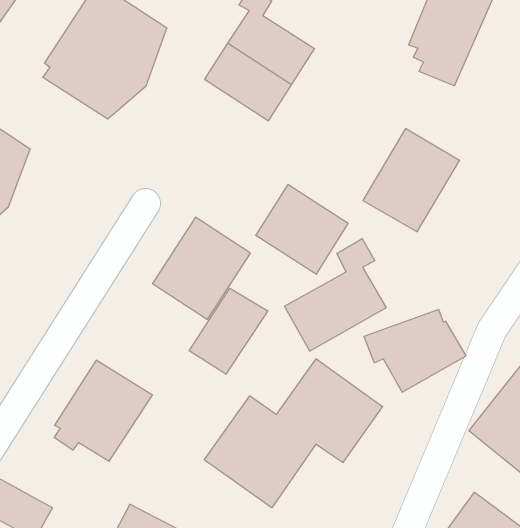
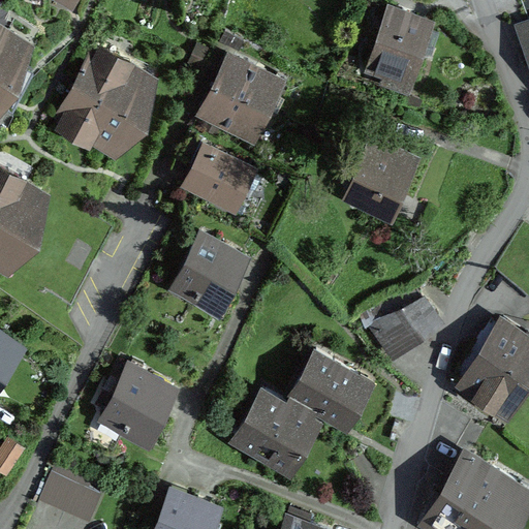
building: [256,185,348,274] -> [179,142,257,216]
building: [285,238,386,351] -> none
building: [189,288,268,374] -> none

